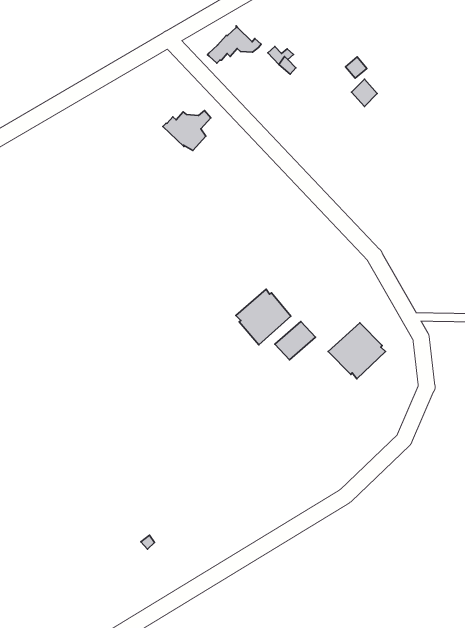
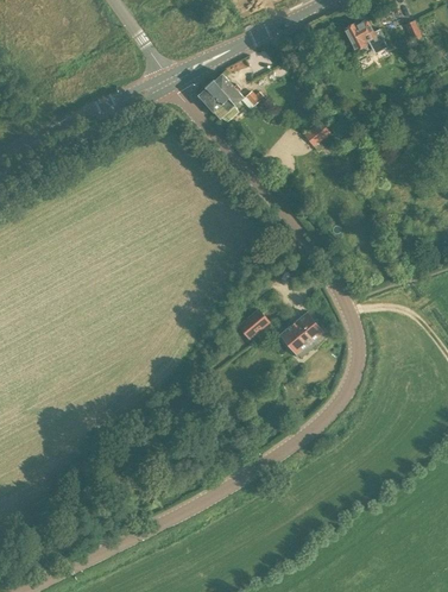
building: [163,111,211,151] -> [204,92,242,122]
building: [236,289,291,345] -> none

